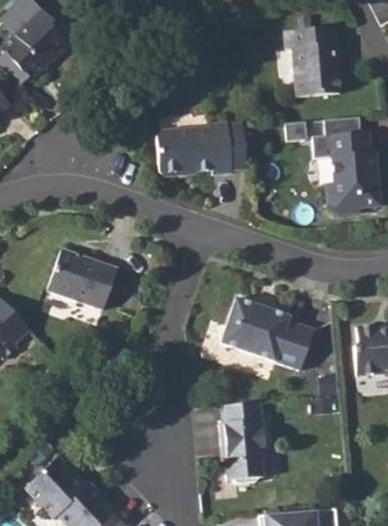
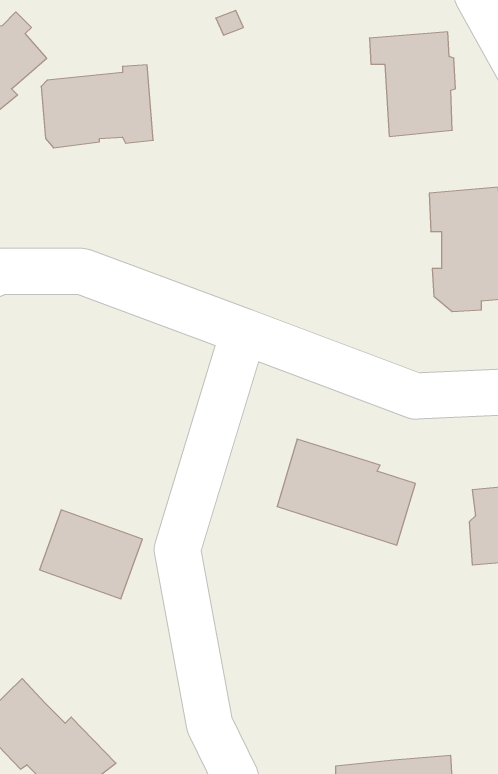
building: [158,119,233,175] -> [41,65,153,148]
building: [48,247,117,306] -> [40,510,142,599]
building: [220,404,271,484] -> none

